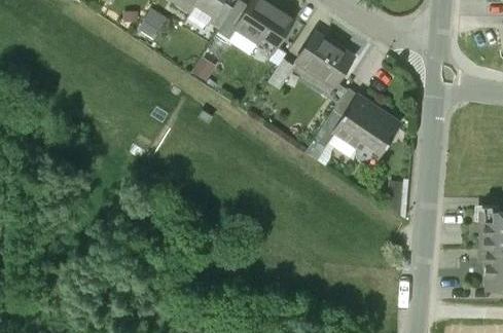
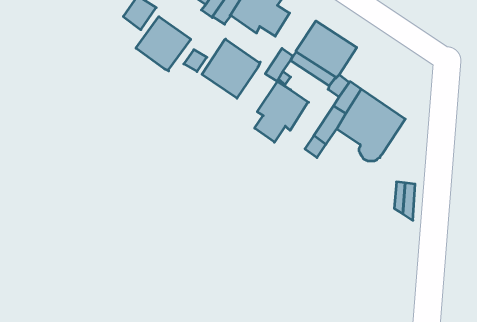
building: none -> [136,17,191,71]
building: none -> [202,39,260,98]
building: none -> [255,82,309,142]

